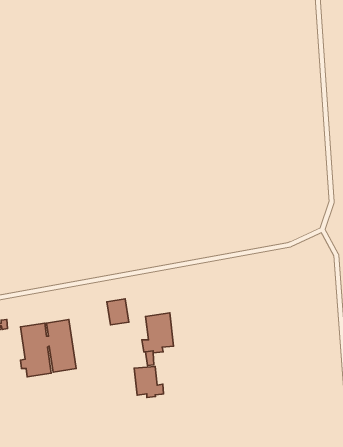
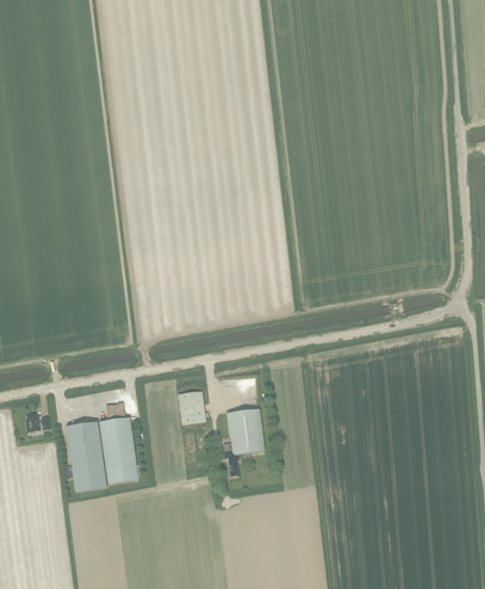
building: [134,367,163,397] -> none

